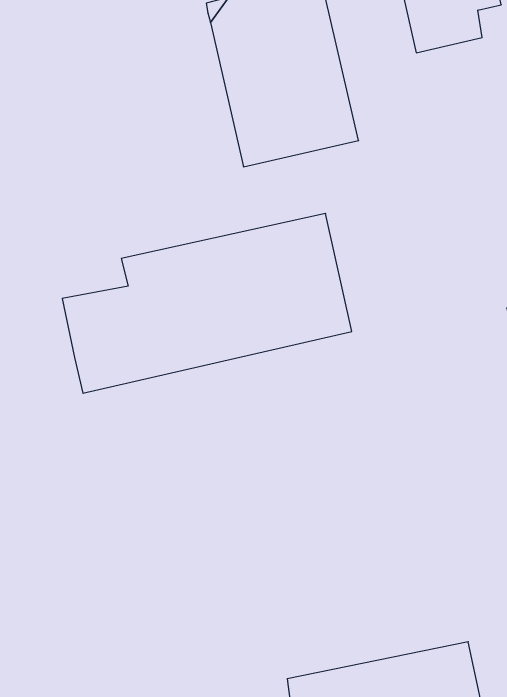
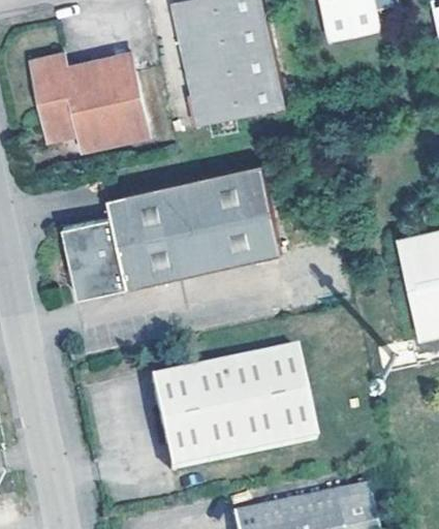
building: none -> [30,51,148,148]
building: none -> [148,347,315,472]

